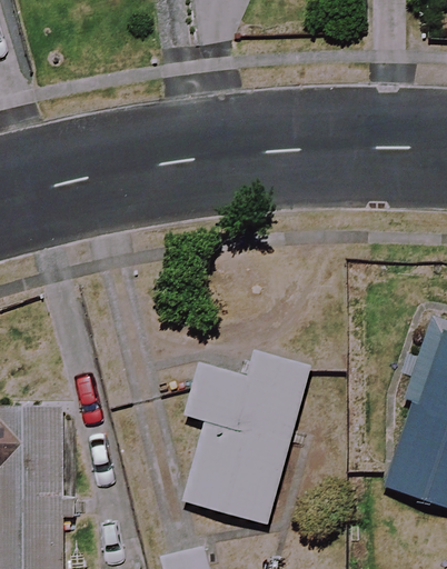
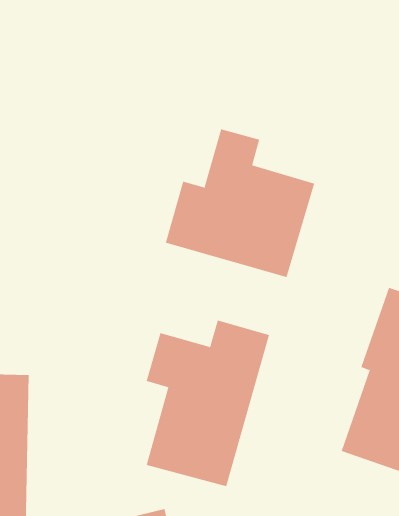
building: none -> [165,129,315,278]

